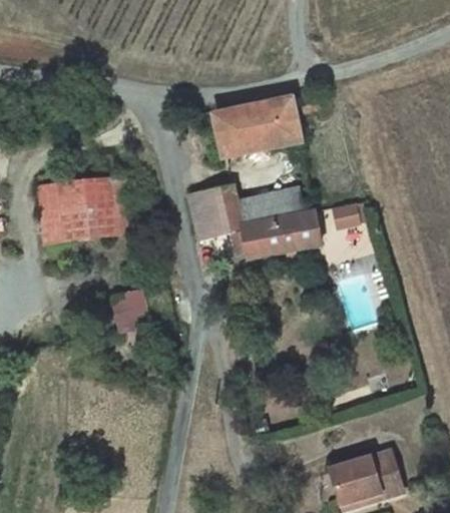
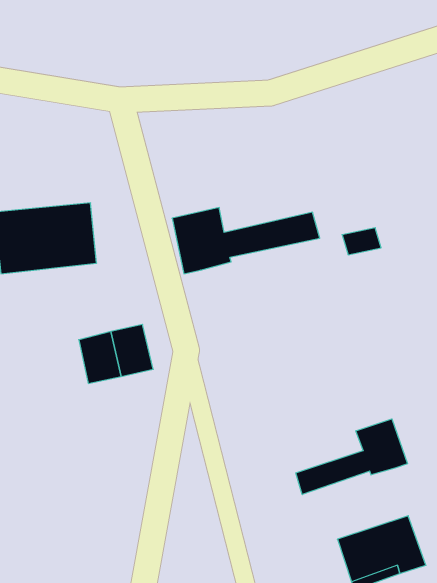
building: [211,87,317,156] -> none
building: [212,210,322,262] -> none
building: none -> [296,419,407,495]

